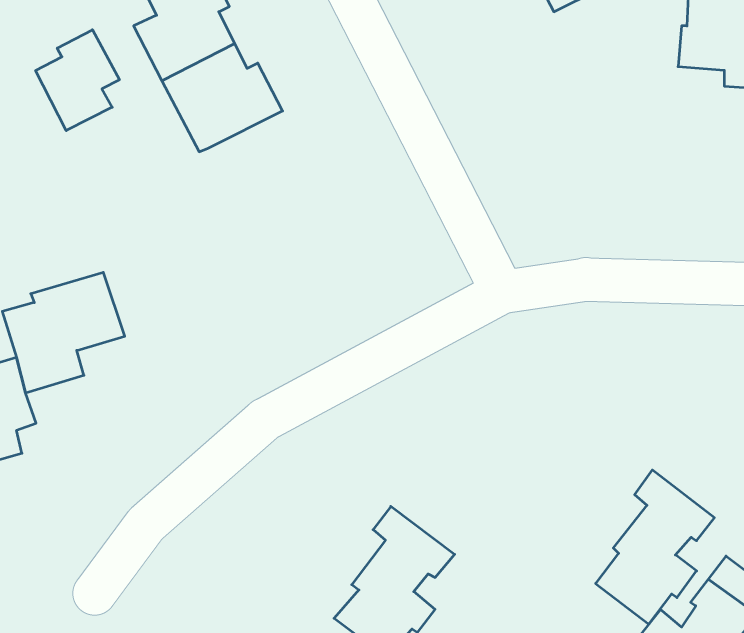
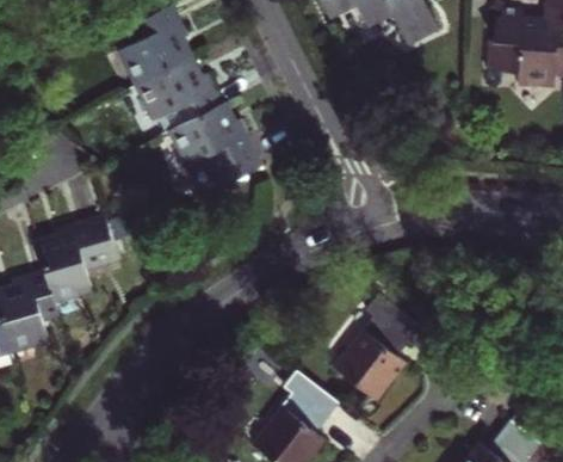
building: [36,30,119,131] -> none
building: none -> [172,106,261,187]
building: [596,470,714,624] -> [339,295,419,399]

